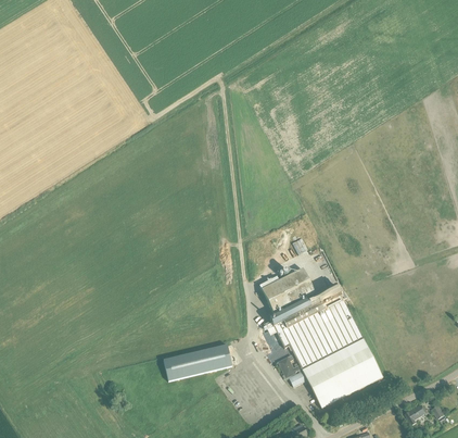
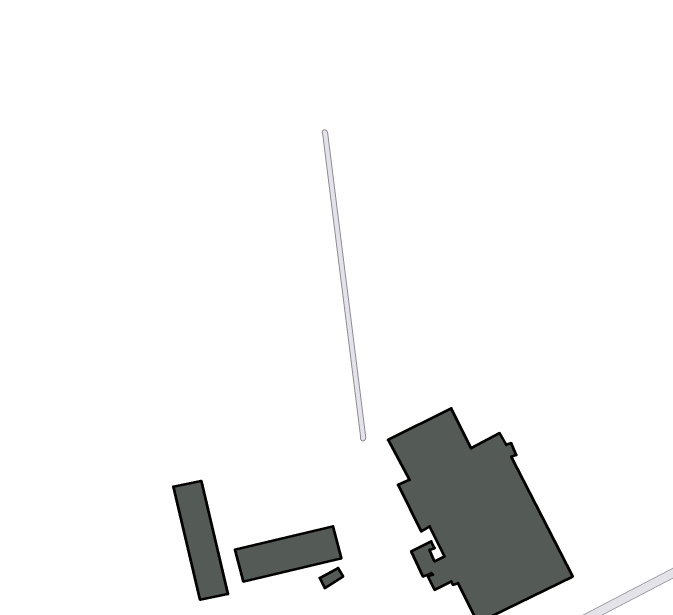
building: none -> [173,481,228,600]

